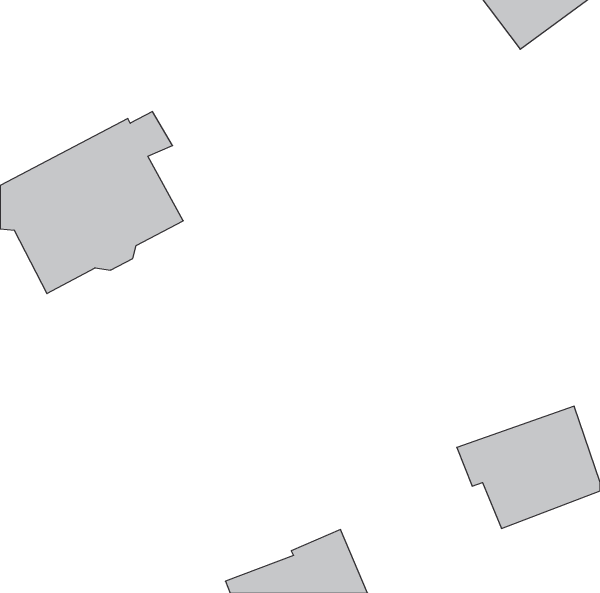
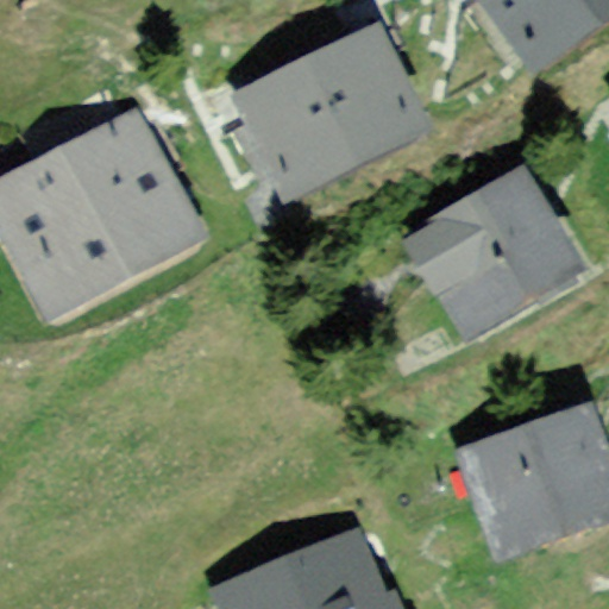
building: none -> [241,30,413,175]
building: none -> [426,183,572,314]

